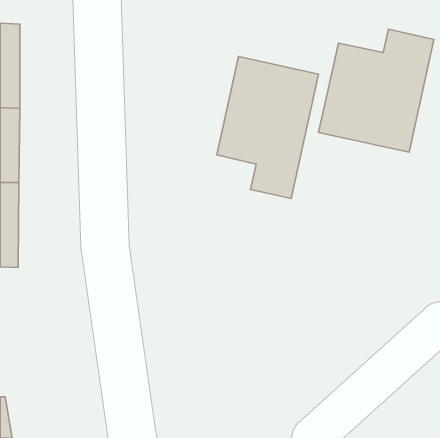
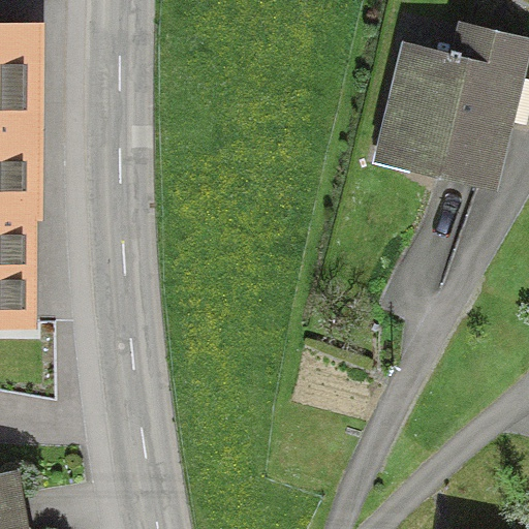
building: [217,56,318,198] -> none

